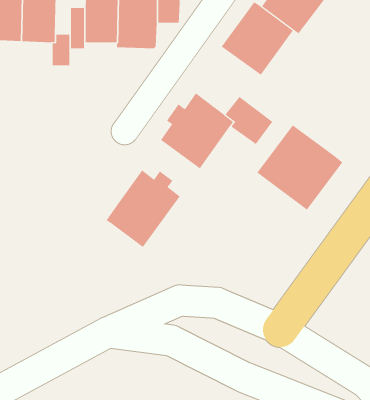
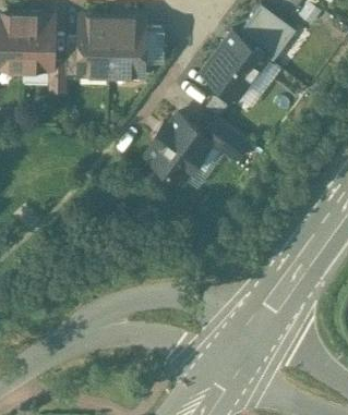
building: [257,124,343,210] -> none
building: [106,169,180,248] -> none

